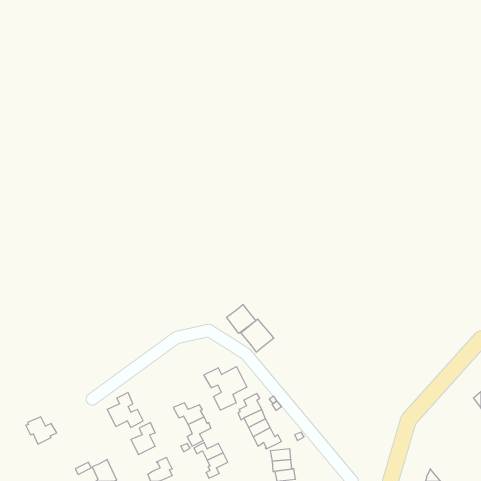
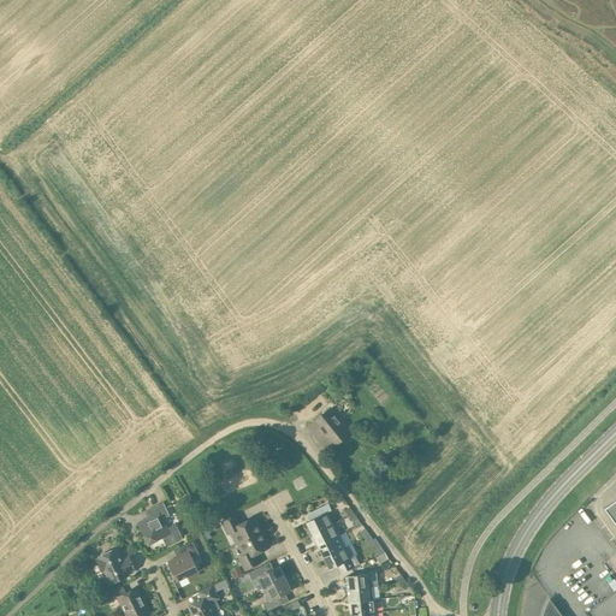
building: [227,304,256,333] -> none
building: [204,367,247,410] -> none
building: [26,417,57,444] -> [96,549,136,584]

